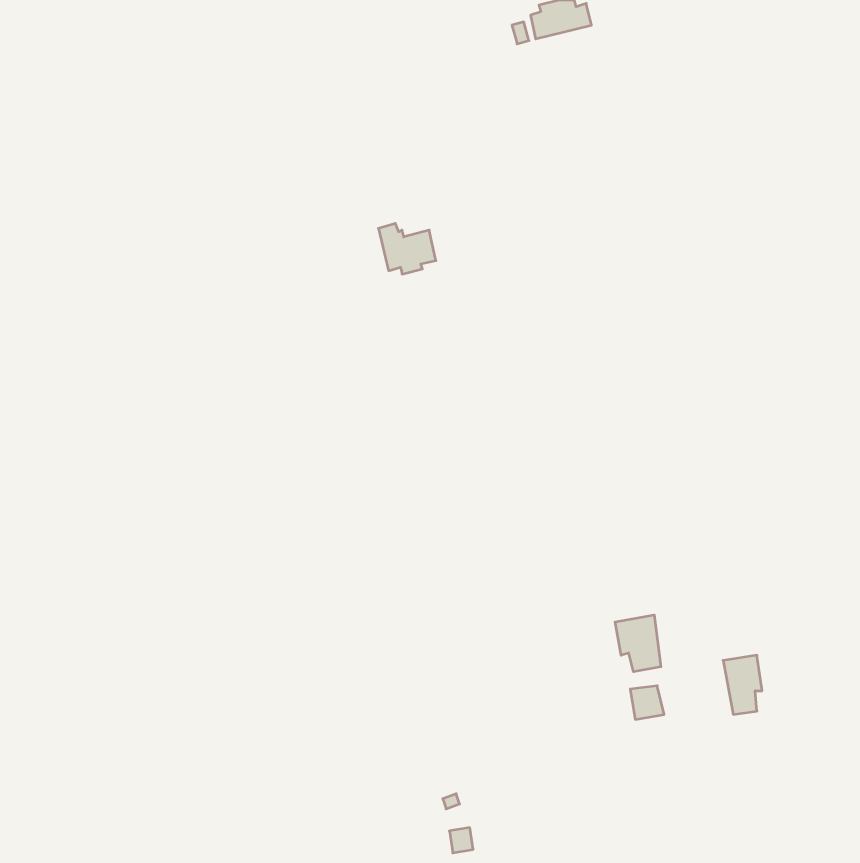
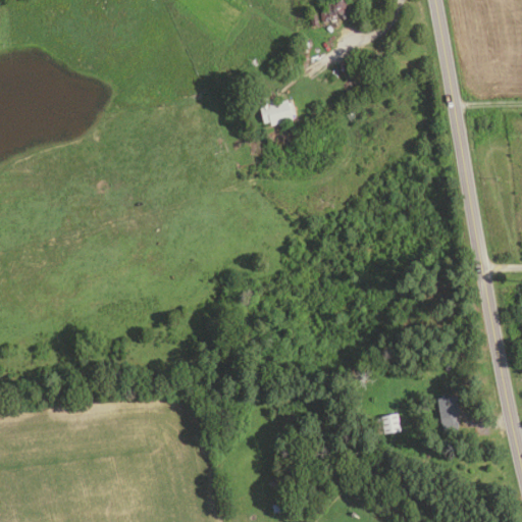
building: [378,223,436,274] -> [259,95,294,125]
building: [615,615,661,672] -> none

